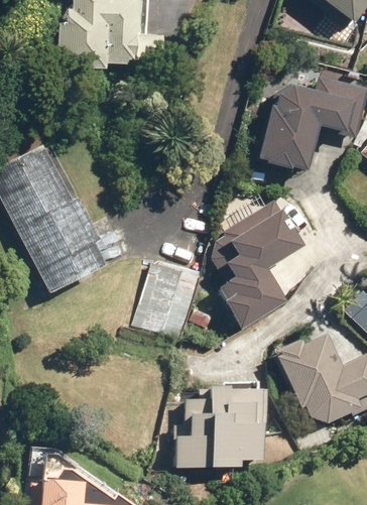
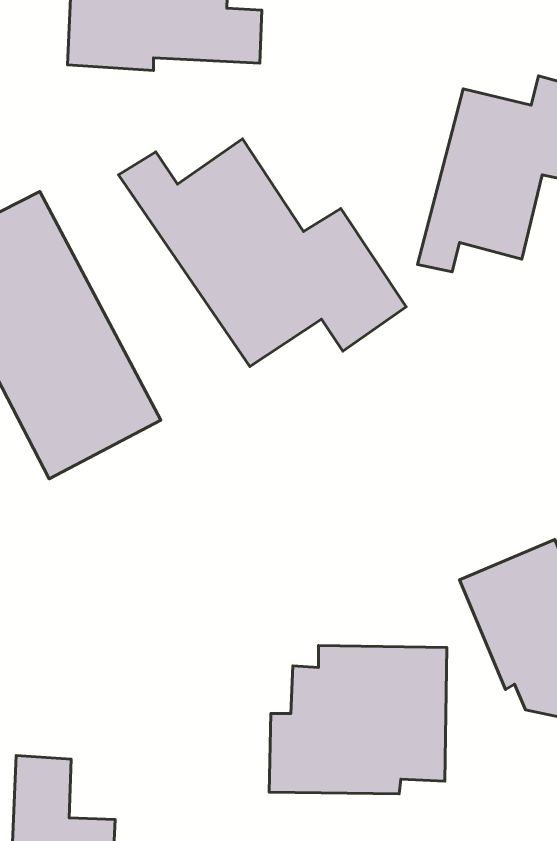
building: none -> [119,139,406,367]
building: [202,199,305,331] -> none
building: [130,259,201,342] -> none

